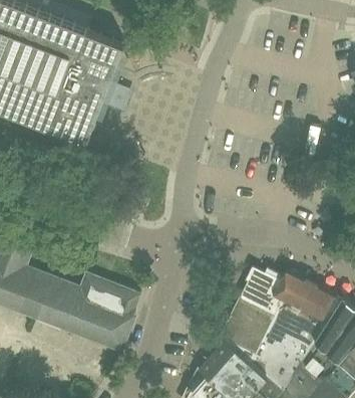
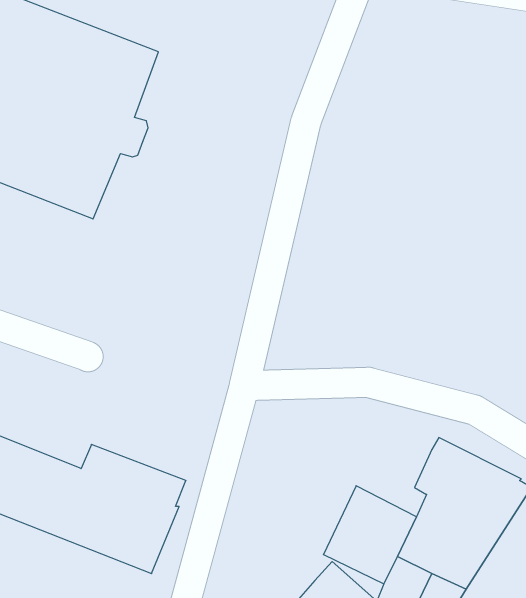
building: [239,267,283,316] -> none

